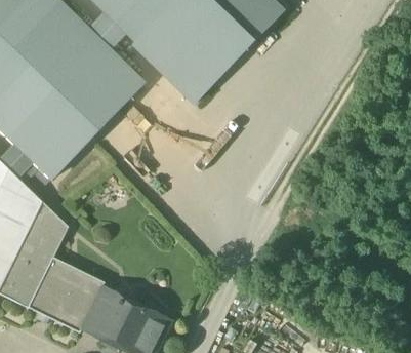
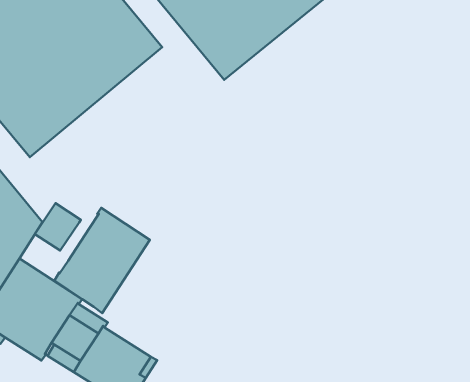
building: none -> [54,208,150,313]
building: none -> [35,203,81,251]

